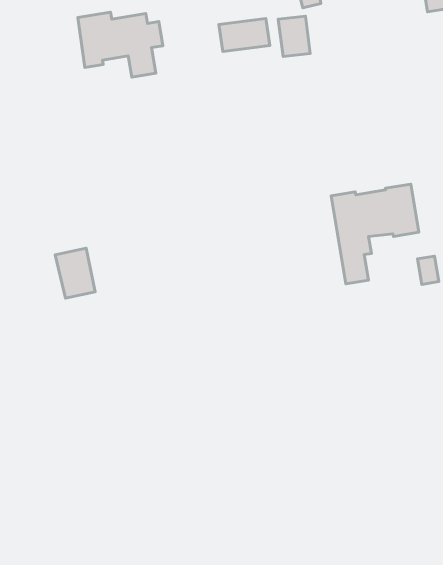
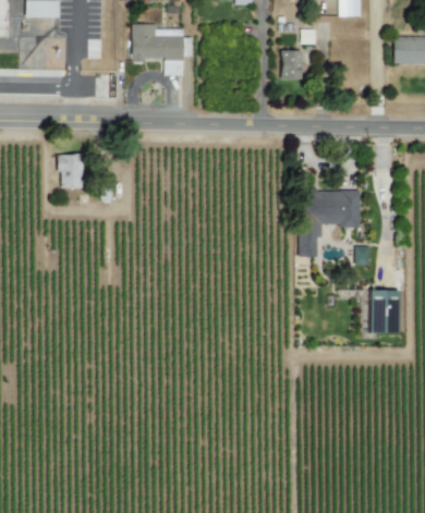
building: [219,19,270,52] -> none
building: [55,248,95,298] -> [59,154,84,188]

